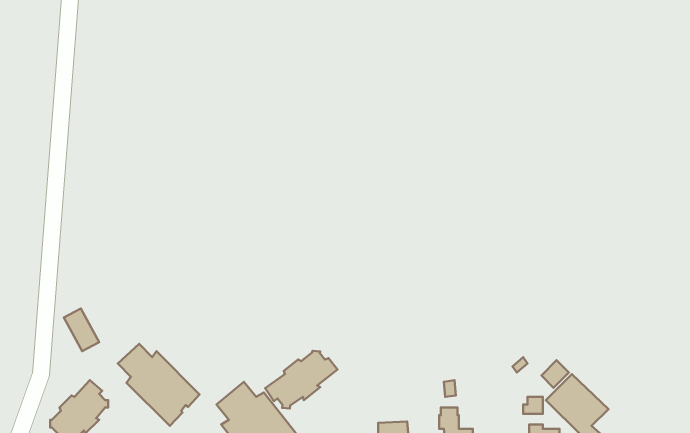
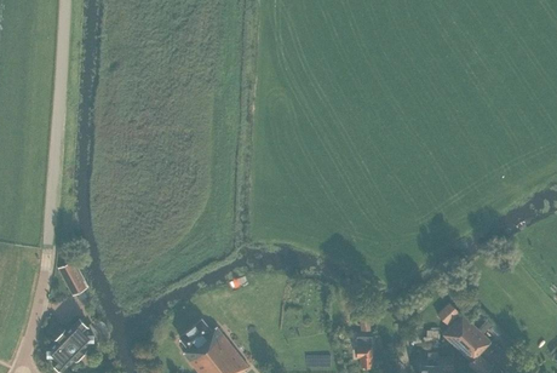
building: [118,344,200,426] -> none
building: [265,351,337,408] -> none

